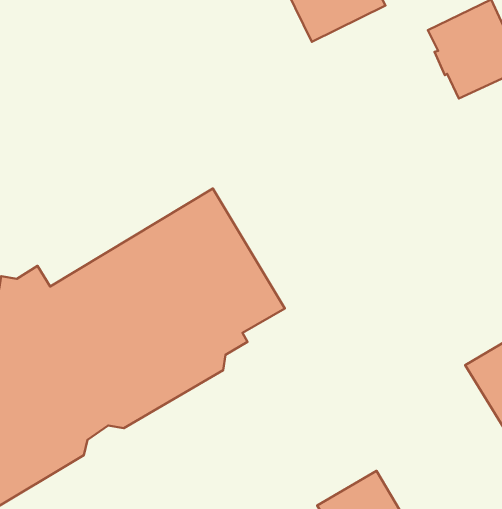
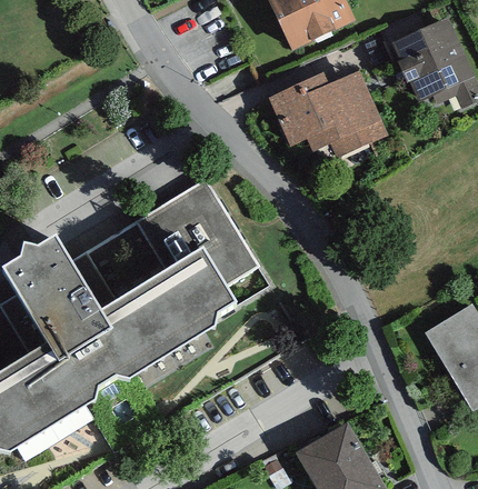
building: none -> [267,69,388,163]

